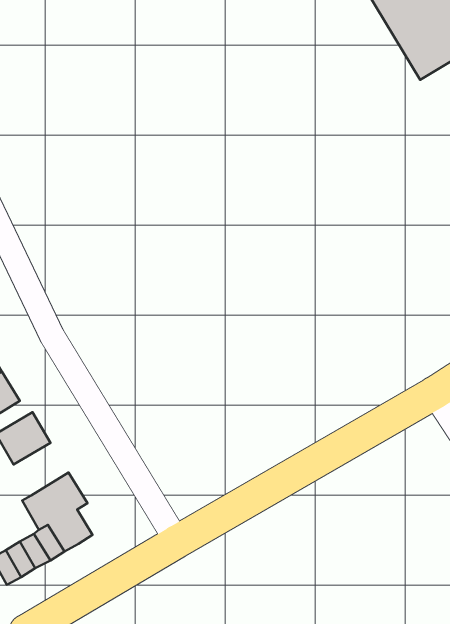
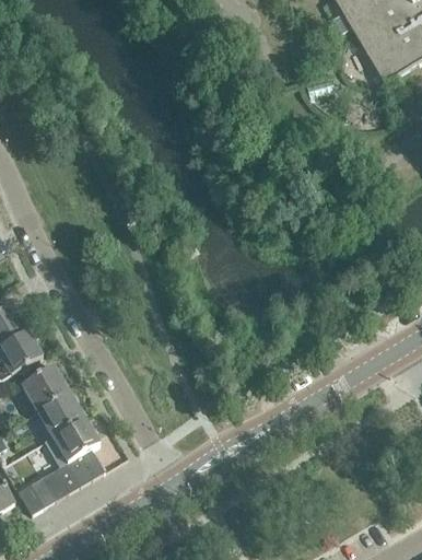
building: none -> [36,390,83,435]

